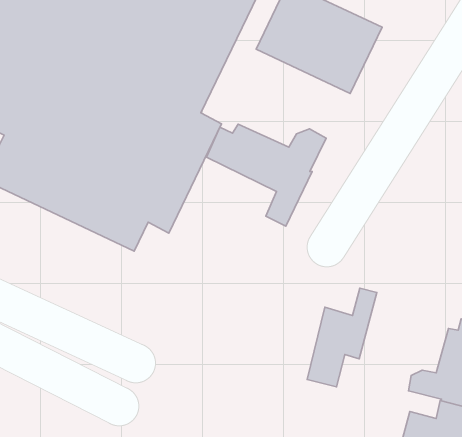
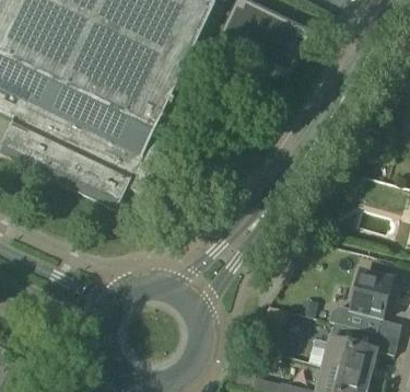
building: [207,124,326,226] -> none
building: [307,288,377,387] -> none

